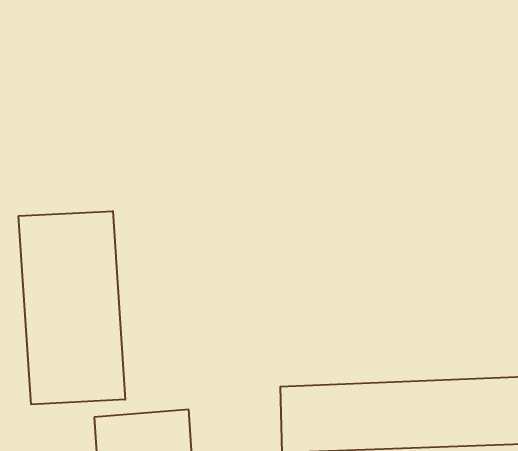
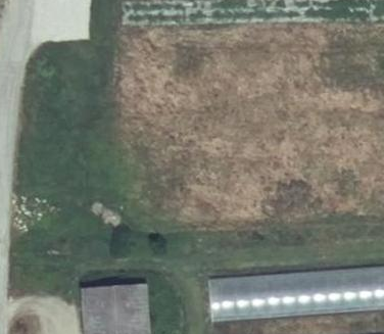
building: [19,211,125,404] -> none

